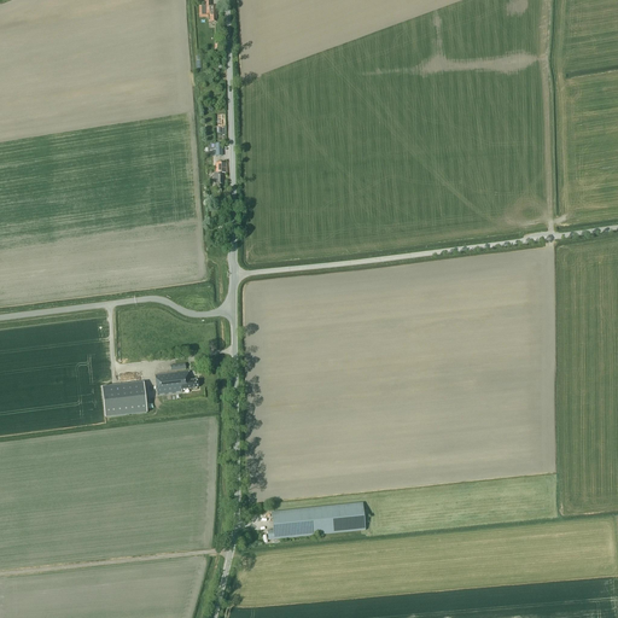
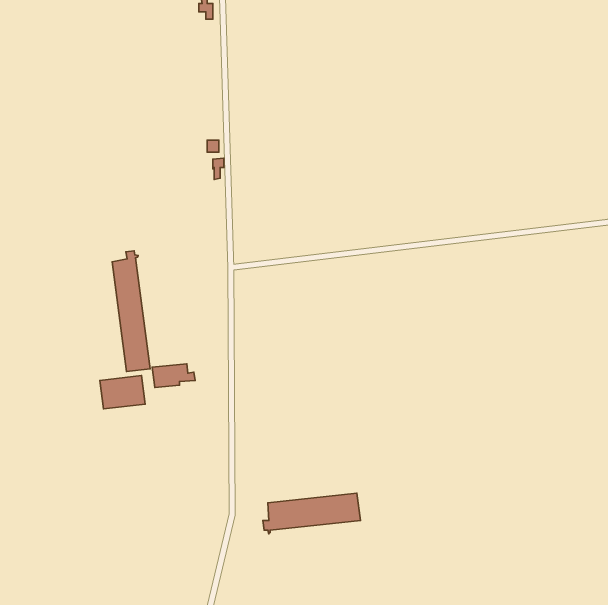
building: none -> [112,251,150,371]

